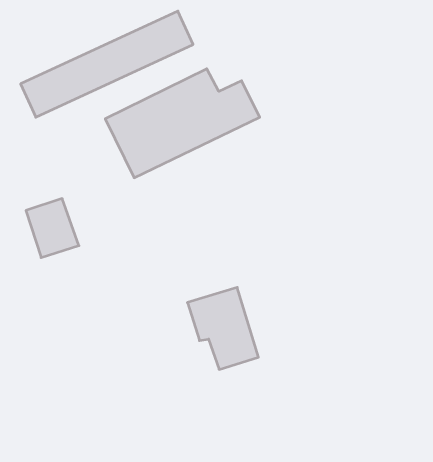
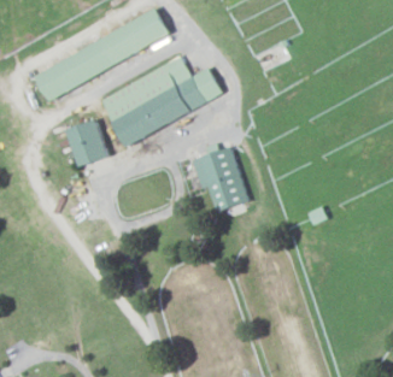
building: [26,199,79,258] -> [66,119,108,166]
building: [187,287,258,369] -> [192,147,248,212]

